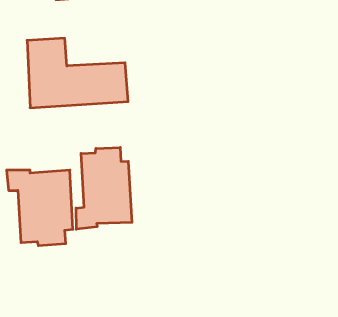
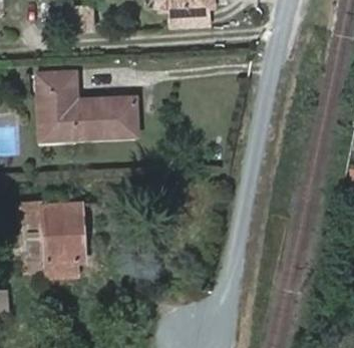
building: [76,147,132,229] -> none

